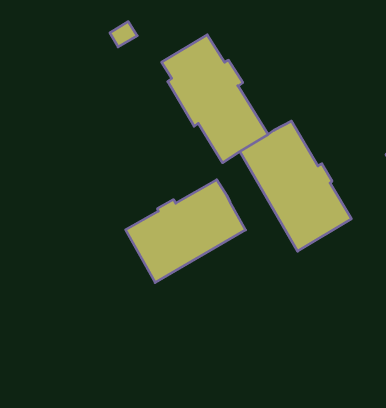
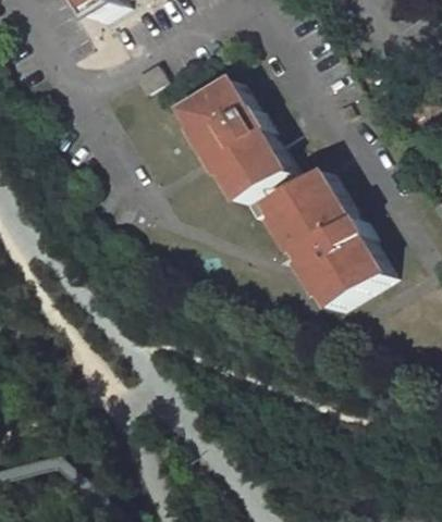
building: [126,180,246,283] -> none

